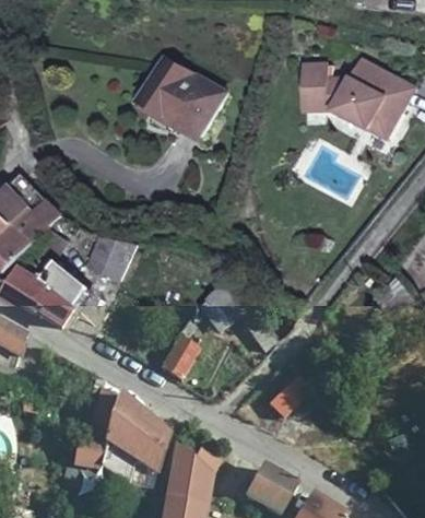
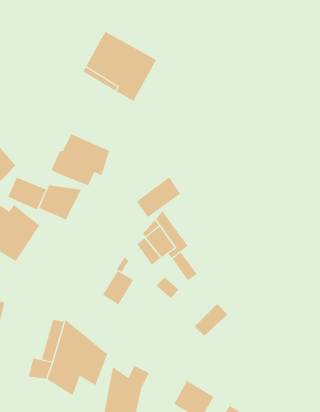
building: [304,56,414,136] -> none
building: none -> [51,134,110,186]
building: none -> [136,177,181,218]
building: none -> [7,177,47,210]

